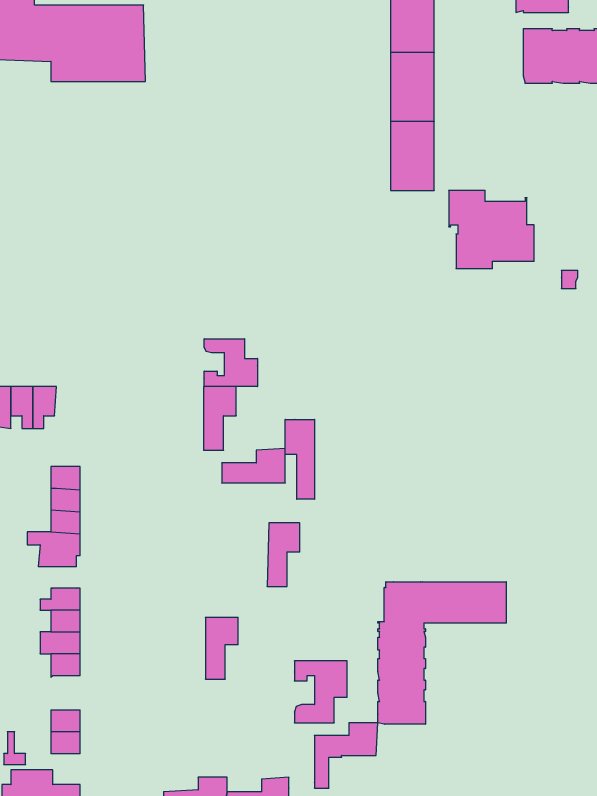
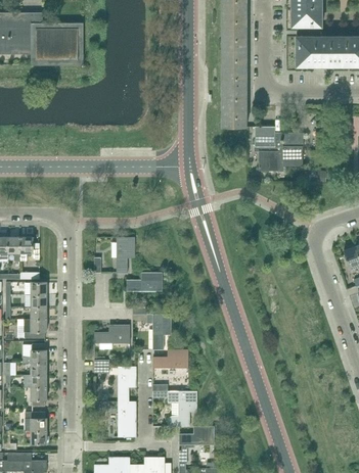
building: [204,339,257,387] -> none
building: [285,419,315,499] -> none
building: none -> [94,325,130,343]
building: [378,582,506,724] -> none
building: none -> [153,349,188,368]
building: none -> [118,401,136,437]

